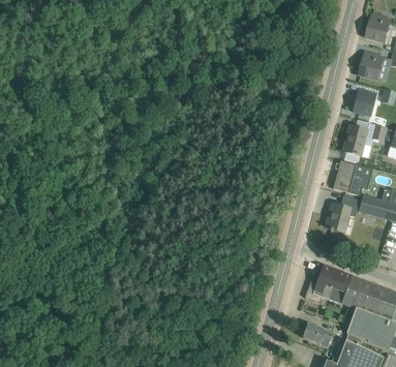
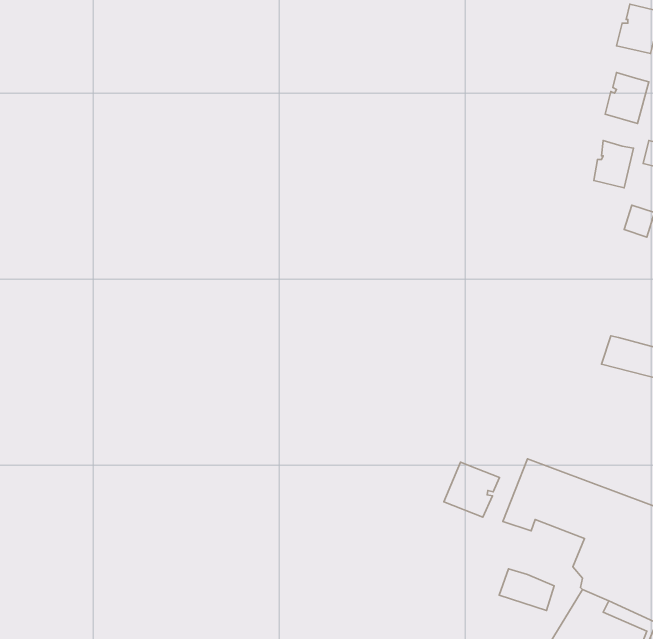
building: [343,125,372,157] -> none
building: [334,159,369,192] -> none
building: [329,195,361,232] -> none
building: none -> [444,462,500,517]

